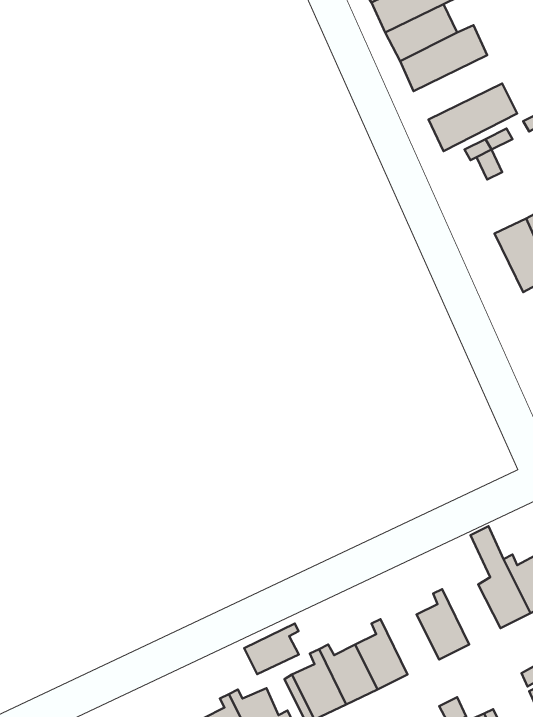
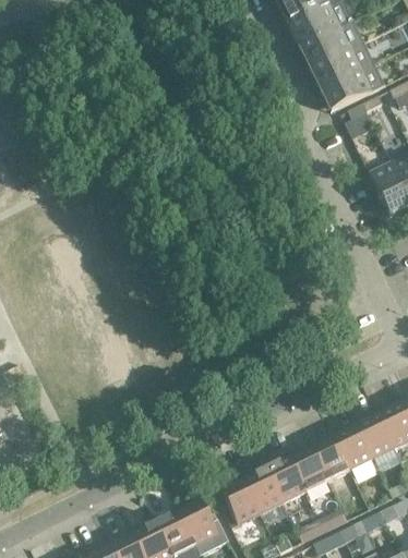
building: none -> [309,43,373,89]
building: none -> [329,427,372,471]
building: none -> [285,449,327,493]
building: [244,624,299,674] -> none

